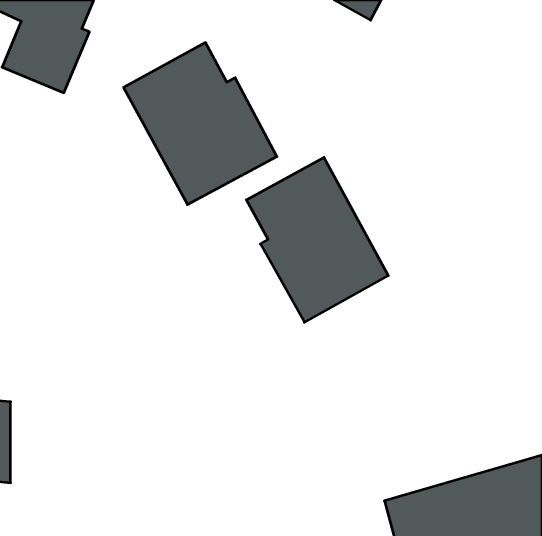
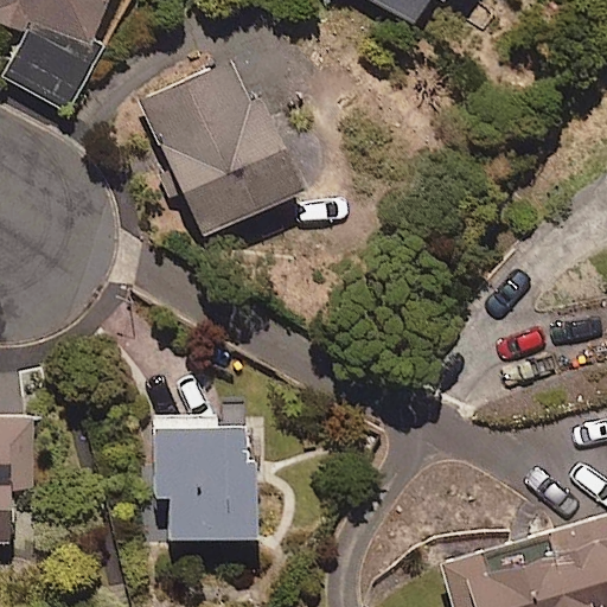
building: [246,157,388,322] -> none
building: none -> [154,413,257,537]

